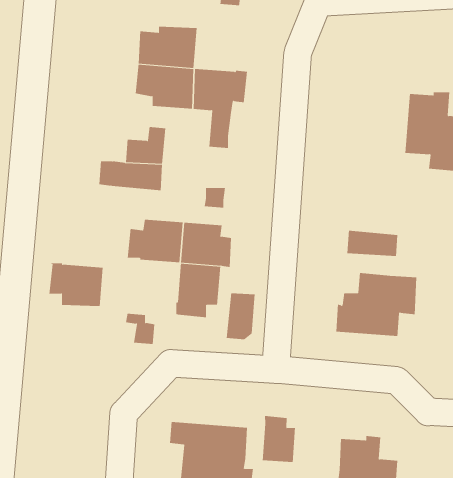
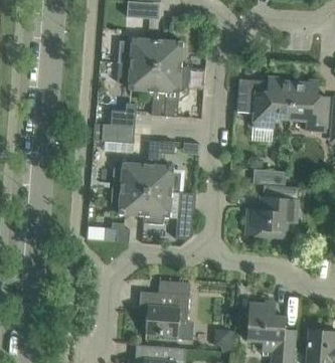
building: none -> [155,39,183,67]
building: none -> [236,76,293,128]
building: [49,263,104,307] -> [111,187,146,215]
building: [262,415,295,463] -> none

